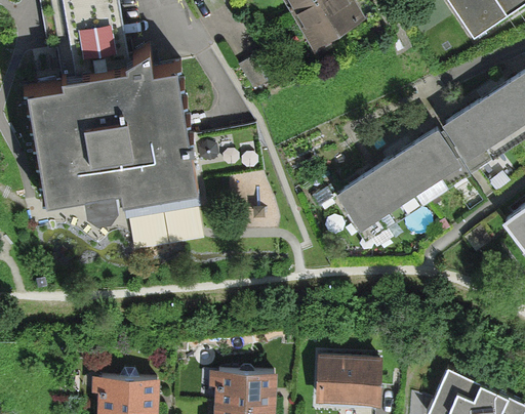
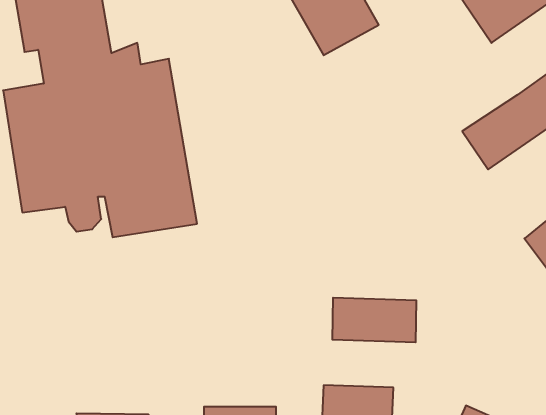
building: [338,126,459,225] -> none
building: none -> [332,298,416,342]

